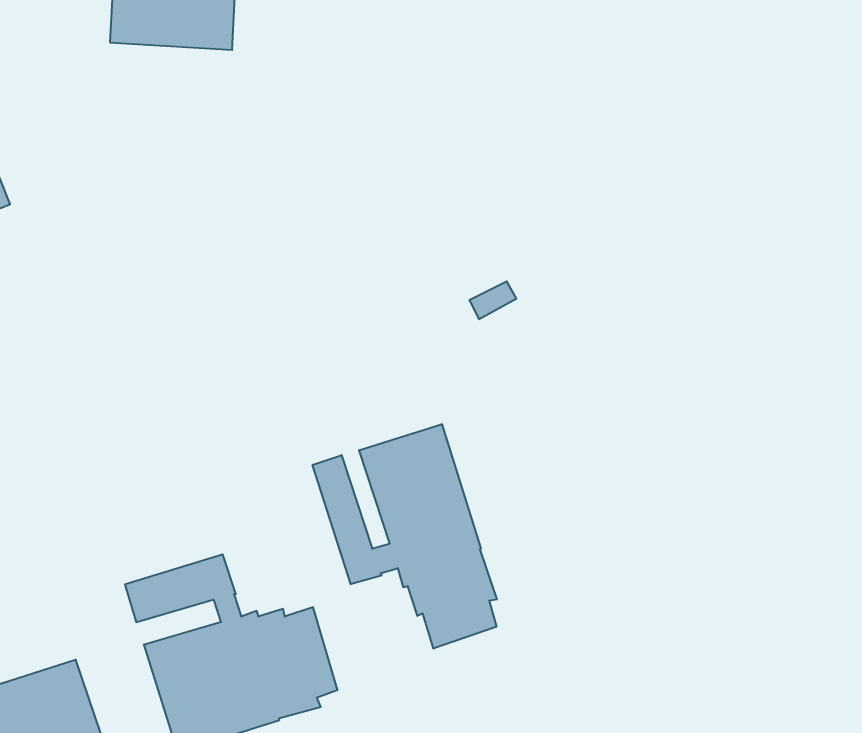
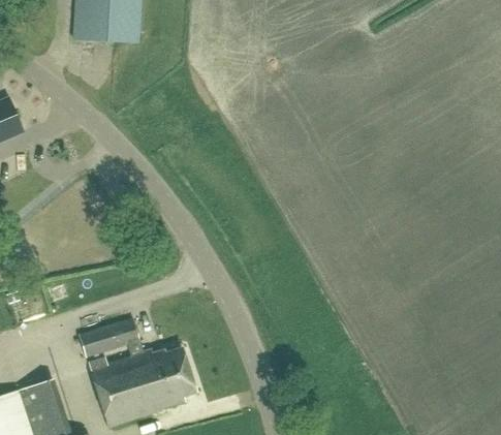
building: [313,424,497,649] -> none

